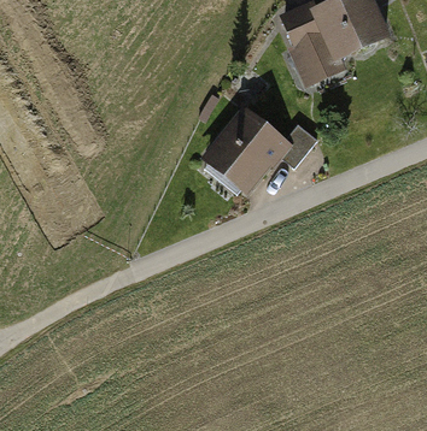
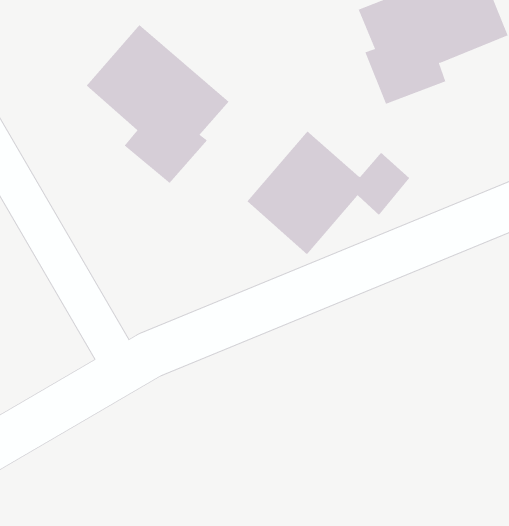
building: none -> [86,24,230,184]

